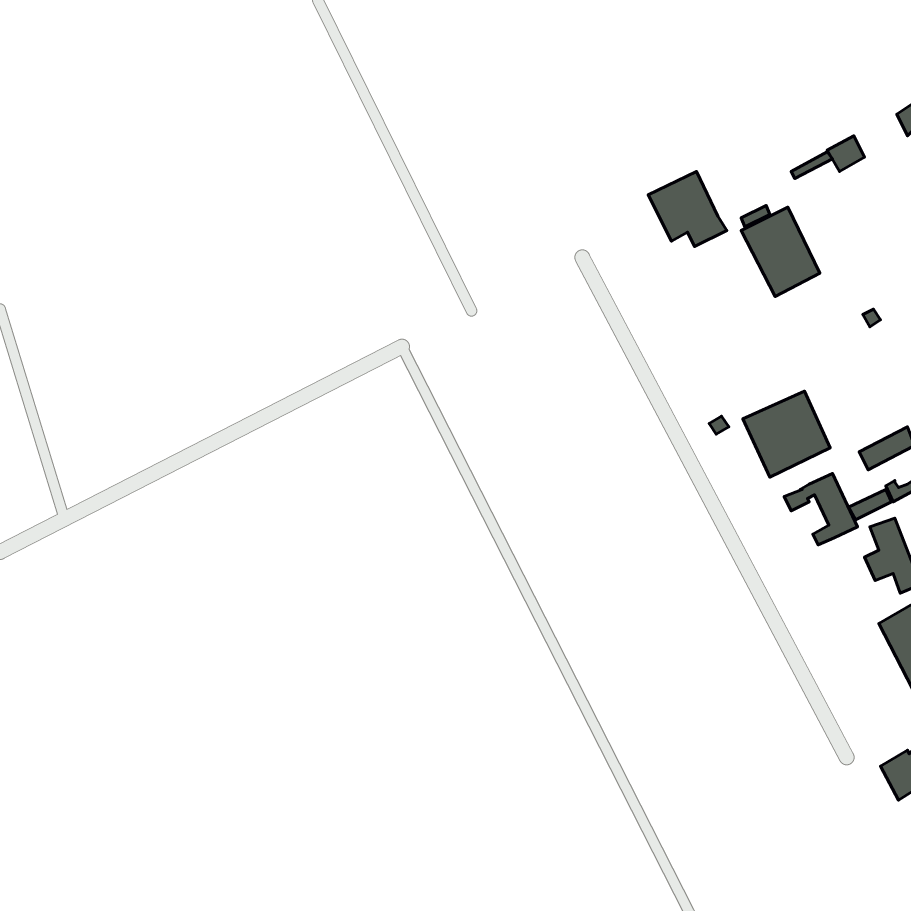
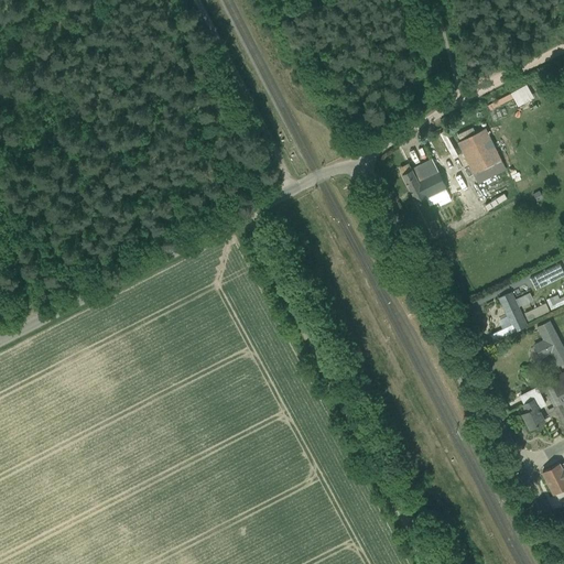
building: [648,171,727,246] -> [403,161,452,207]
building: [743,391,830,477] -> none
building: none -> [523,397,546,430]

